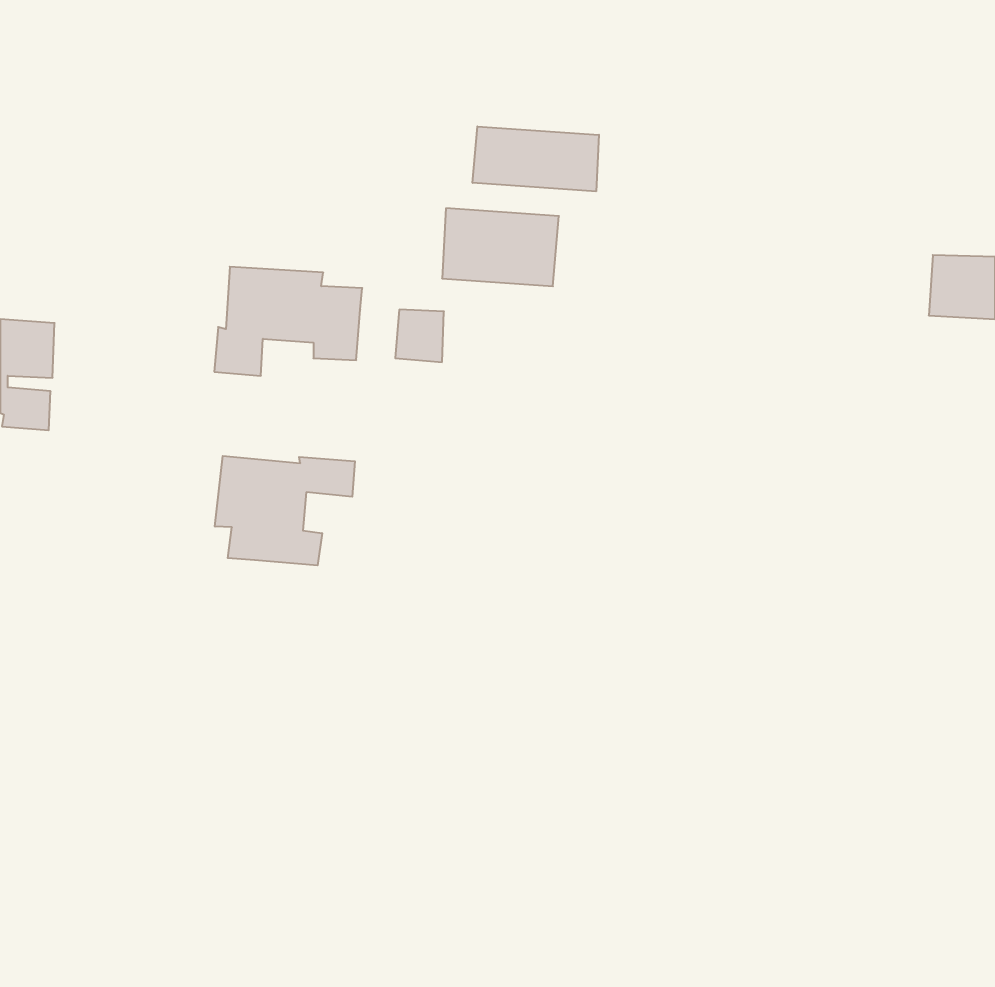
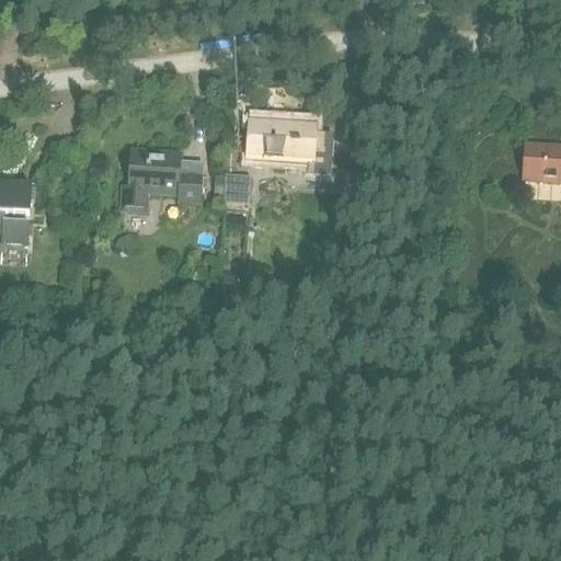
building: [473,126,599,191] -> none
building: [215,456,355,565] -> none

